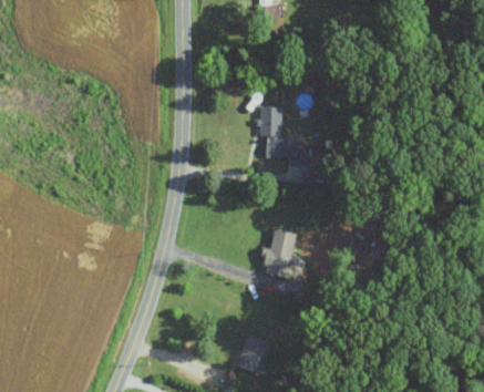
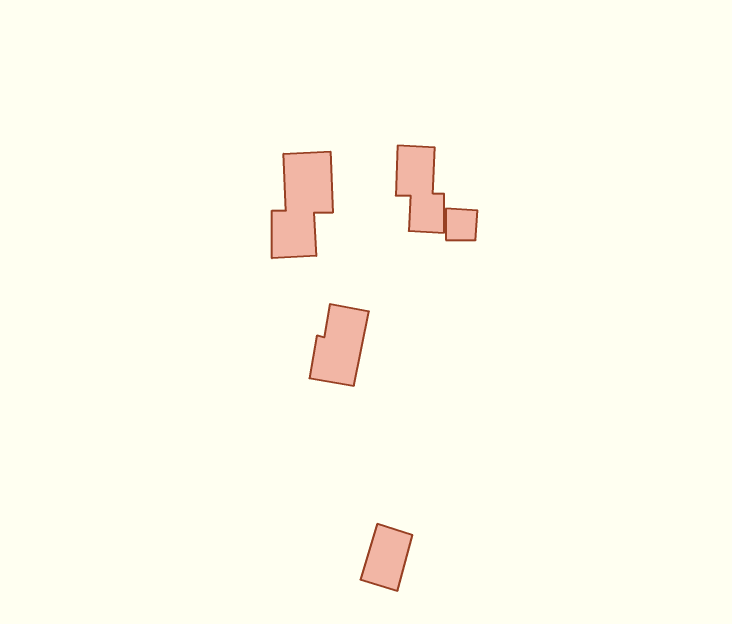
building: none -> [272,152,333,258]
building: [262,228,298,277] -> [309,304,369,386]

